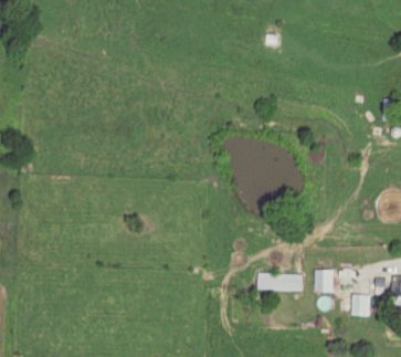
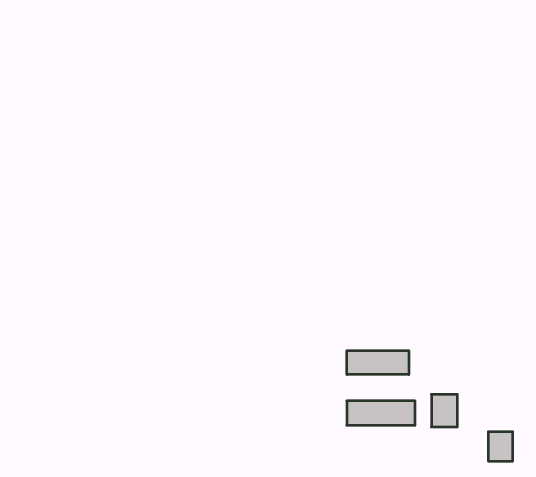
building: none -> [347,351,409,375]

